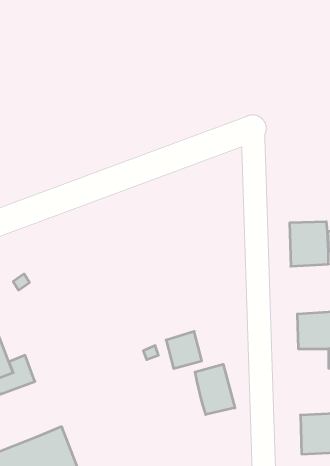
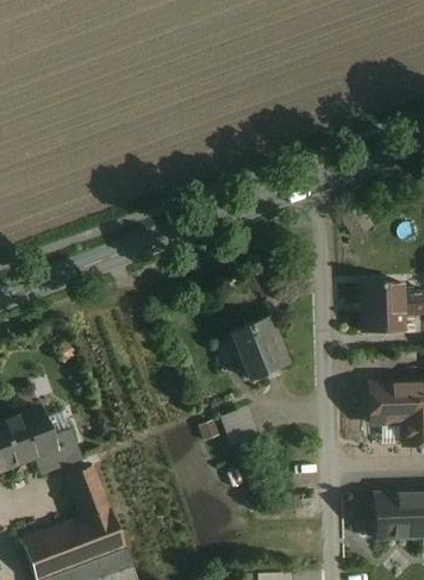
building: none -> [232,317,289,378]
building: [195,364,235,415] -> none
building: none -> [68,466,111,519]

